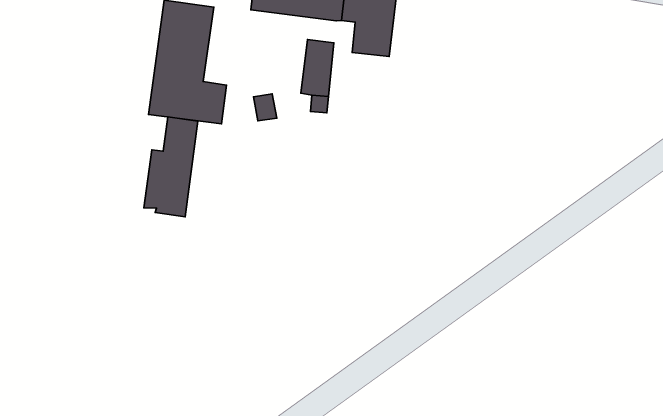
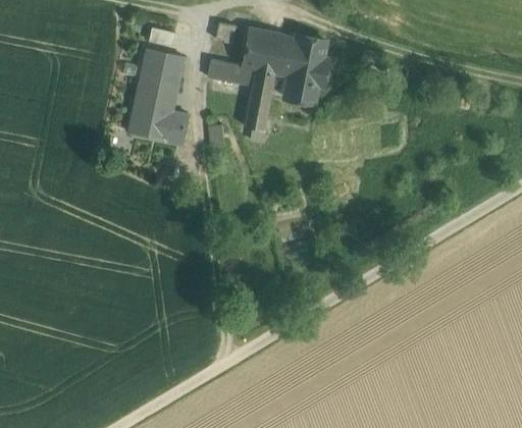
building: none -> [208,60,275,90]
building: [144,117,198,217] -> none

